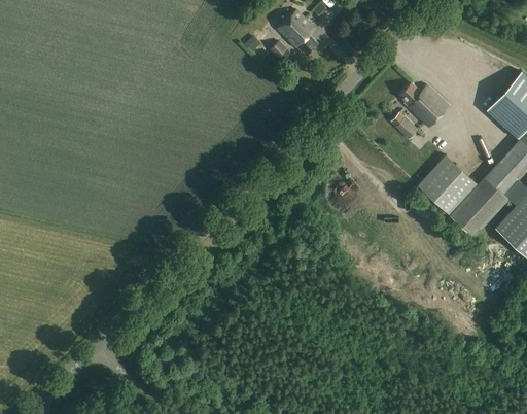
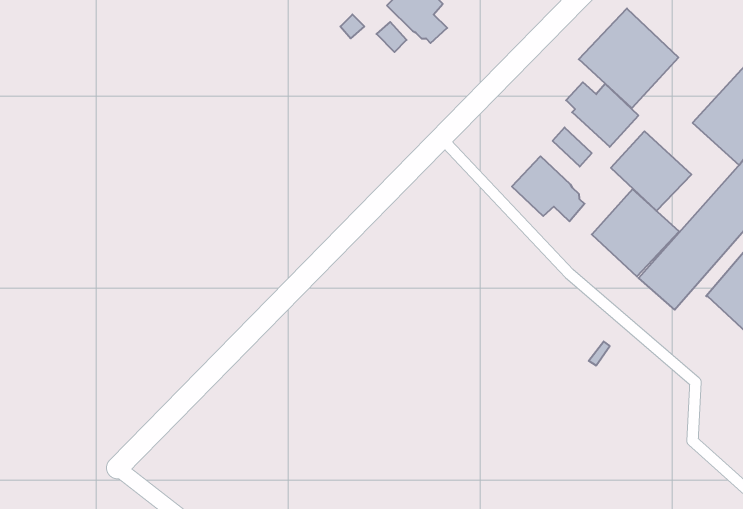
building: none -> [579,8,678,108]
building: none -> [611,131,691,211]
building: none -> [512,156,585,221]

